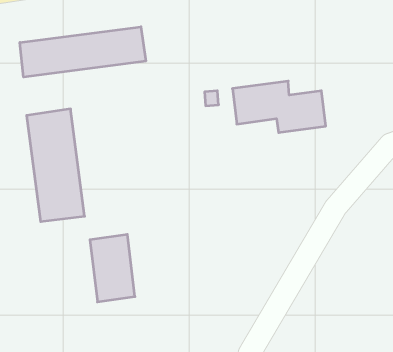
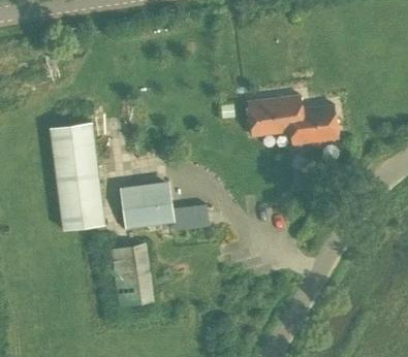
building: [20,27,146,77] -> none
building: none -> [118,182,209,231]

